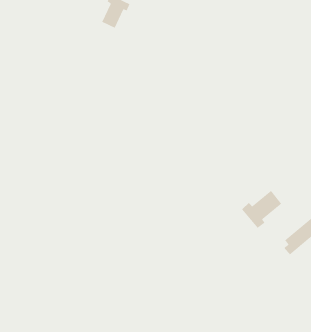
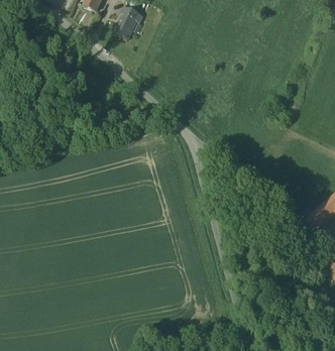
building: [241,190,282,229] -> none

